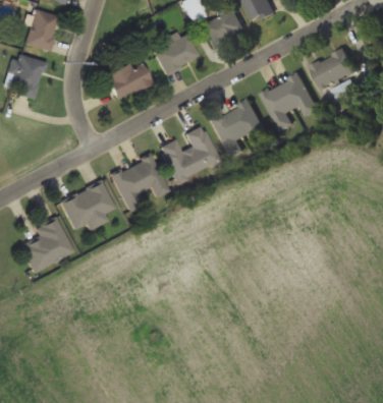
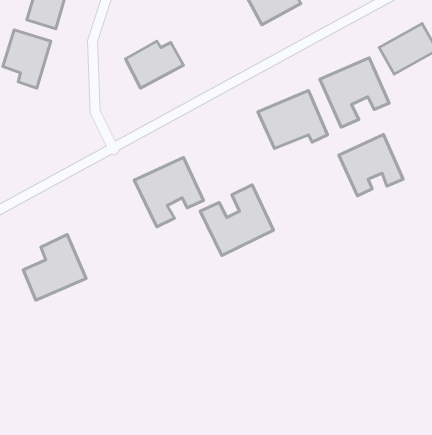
building: [155,35,199,73] -> none
building: [160,125,219,182] -> [200,185,274,255]
building: none -> [339,134,403,196]
building: [62,182,114,230] -> none

